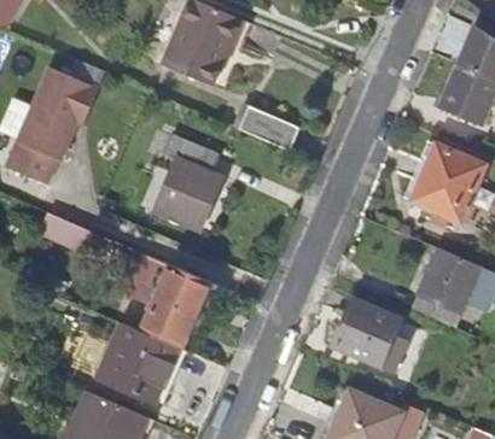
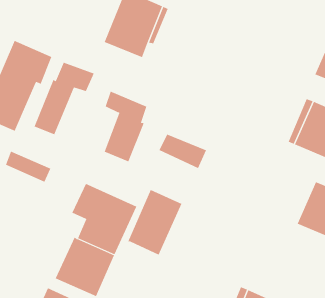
building: none -> [34,62,94,135]
building: [238,107,301,153] -> [159,134,207,169]
building: none -> [128,189,182,255]
building: [337,299,409,371] -> none

